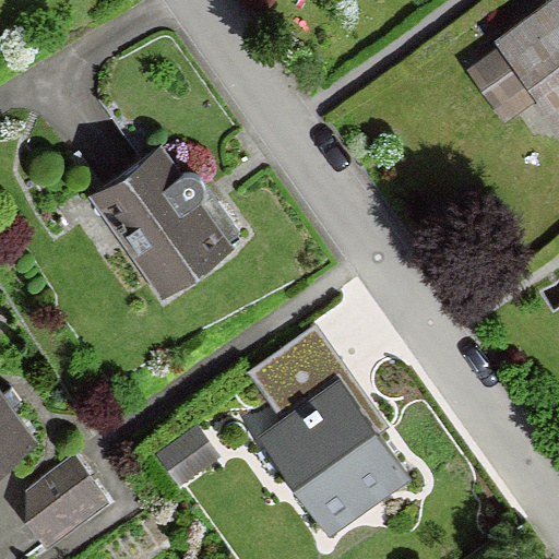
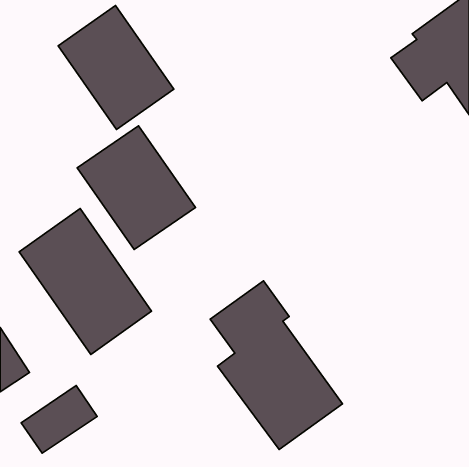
building: none -> [58,5,174,130]
building: none -> [19,209,152,354]

